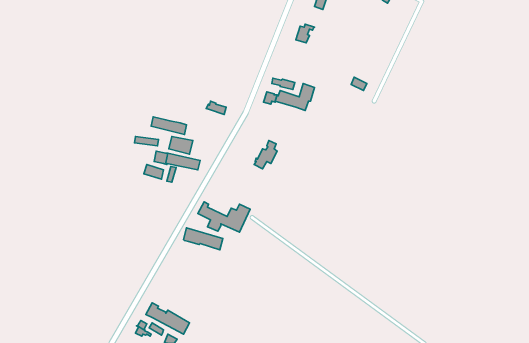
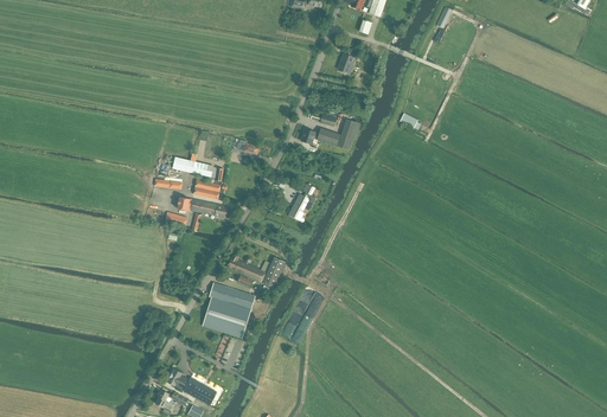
building: none -> [203,297,250,336]

